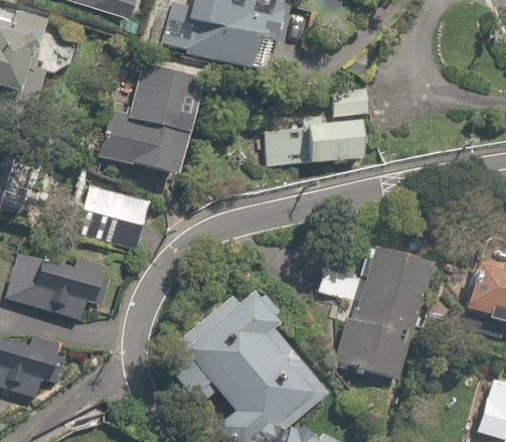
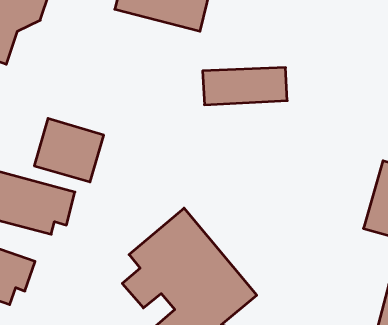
building: [98,59,207,181] -> none
building: [341,248,431,381] -> none

